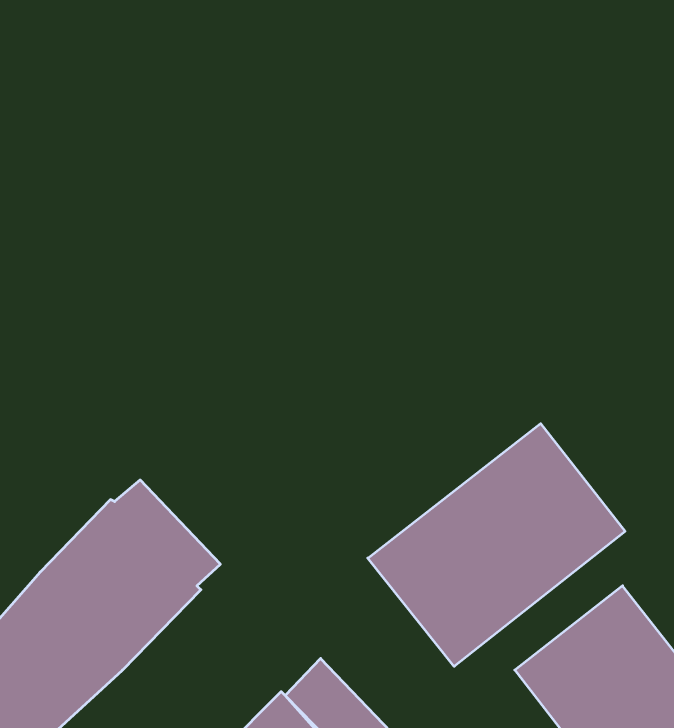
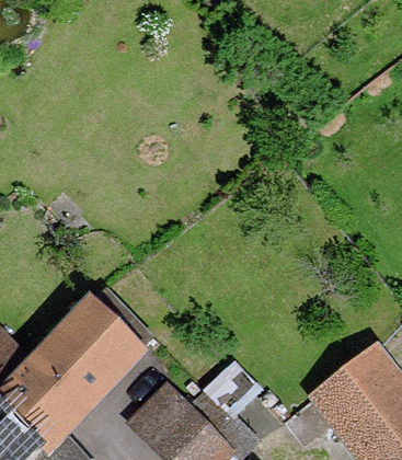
building: [368,424,625,666] -> none

